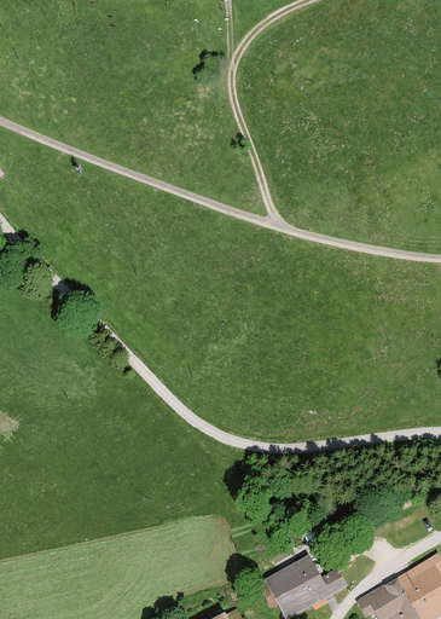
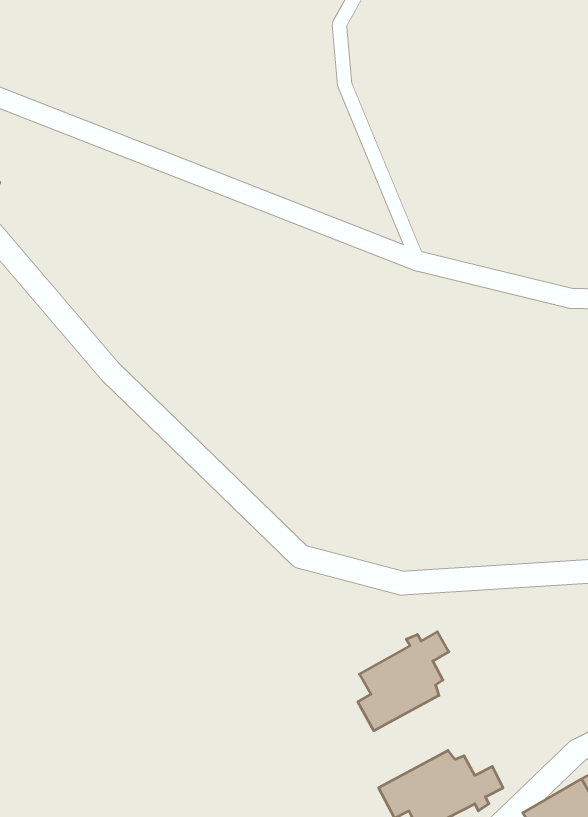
building: none -> [358,632,449,731]

